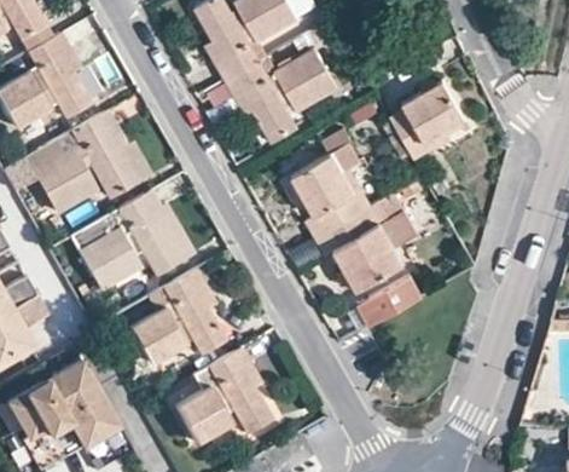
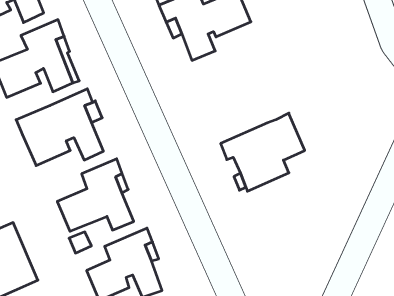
building: [390,80,465,159] -> none
building: [294,144,371,236] -> none
building: [358,275,423,326] -> none

